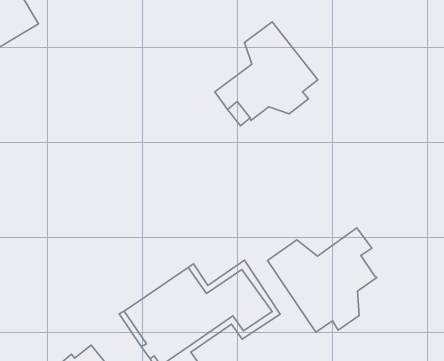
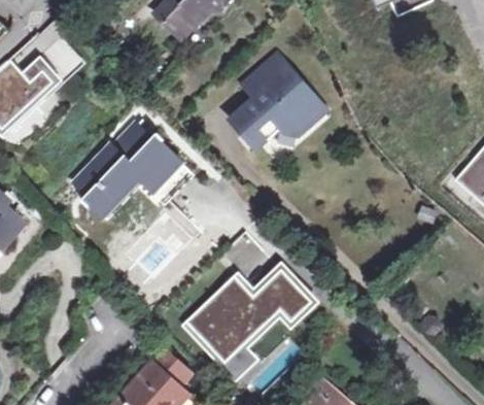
building: none -> [77,130,182,223]
building: [268,228,377,332] -> none

